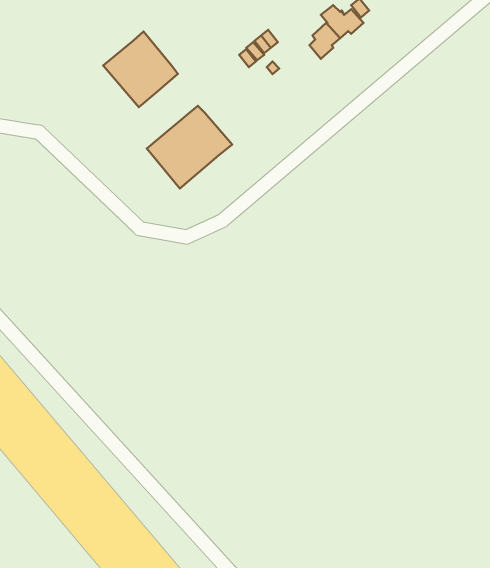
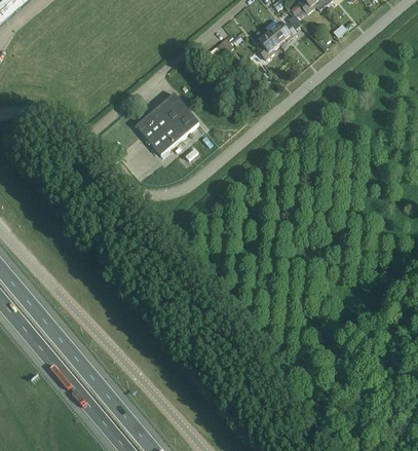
building: [103,31,178,107] -> none

